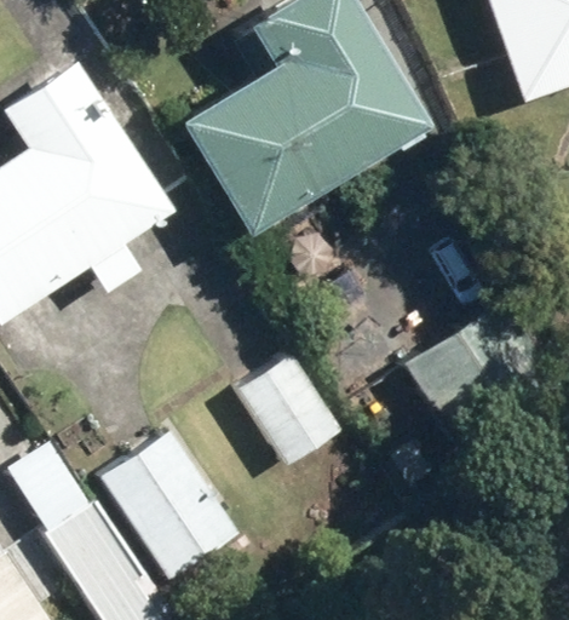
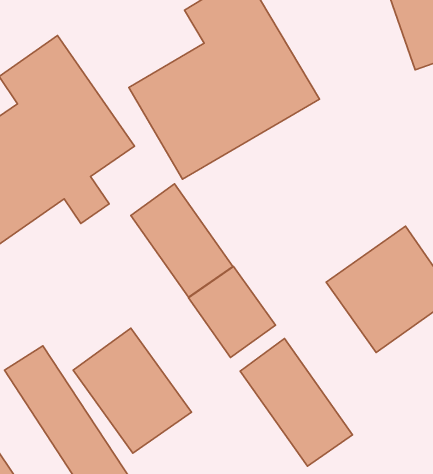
building: none -> [131,184,233,297]
building: none -> [240,339,352,466]

